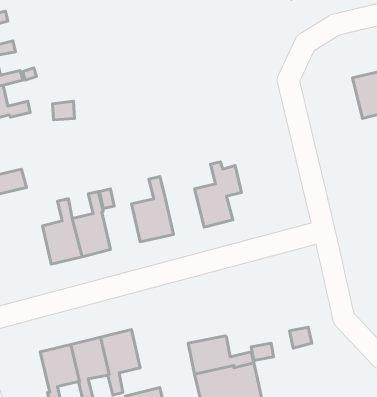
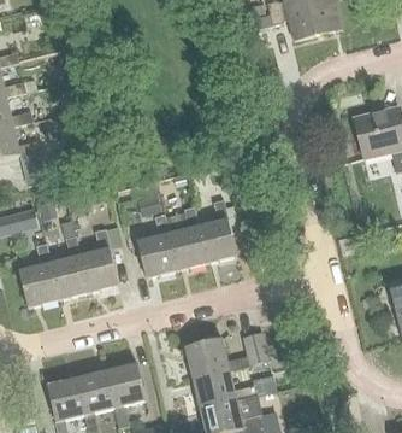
building: none -> [170,206,208,270]
building: none -> [18,242,59,308]
building: none -> [185,330,268,376]

